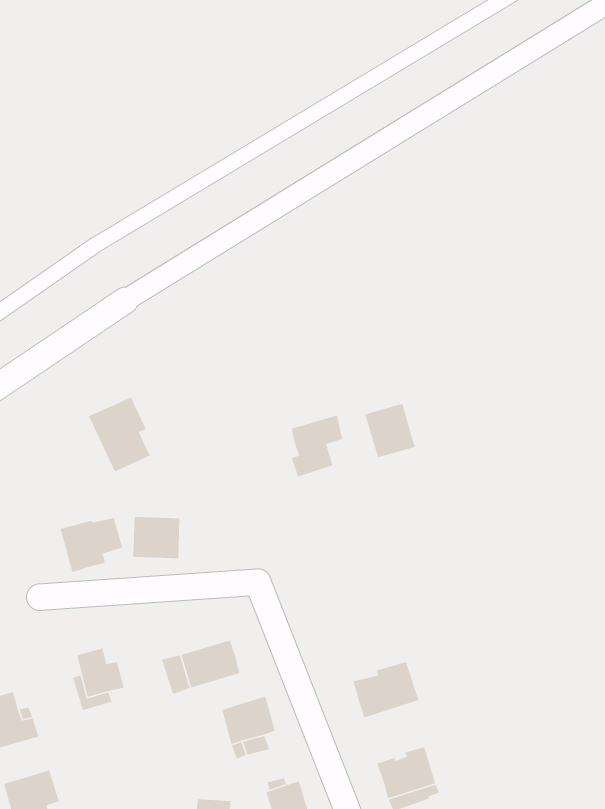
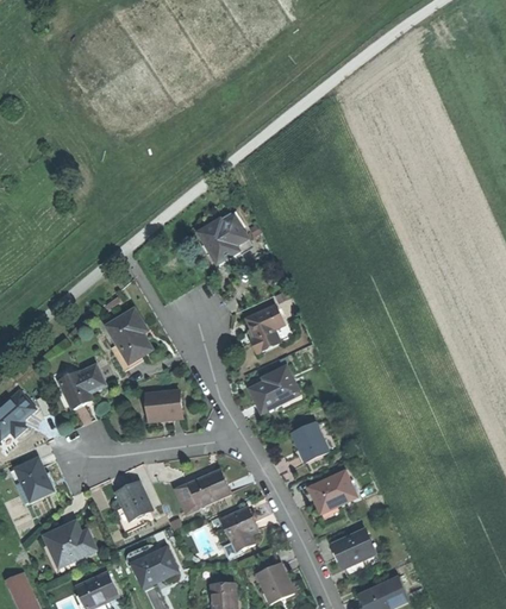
building: none -> [198,211,249,263]
building: [364,403,416,458] -> none
building: none -> [251,366,300,412]
building: [60,517,123,573] -> [57,366,102,408]
building: none -> [292,422,327,460]
building: none -> [132,550,176,585]

